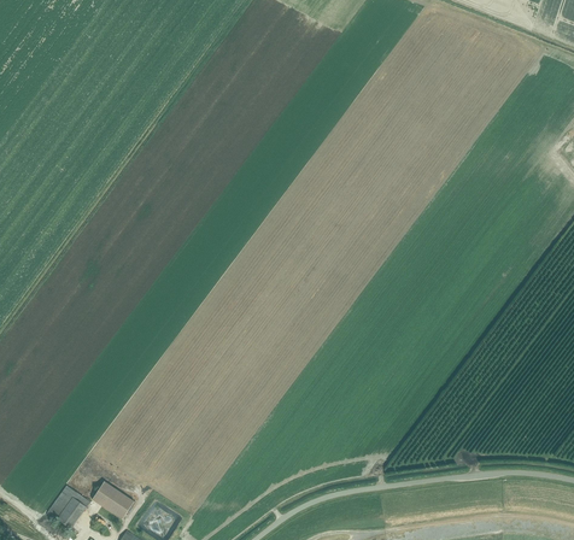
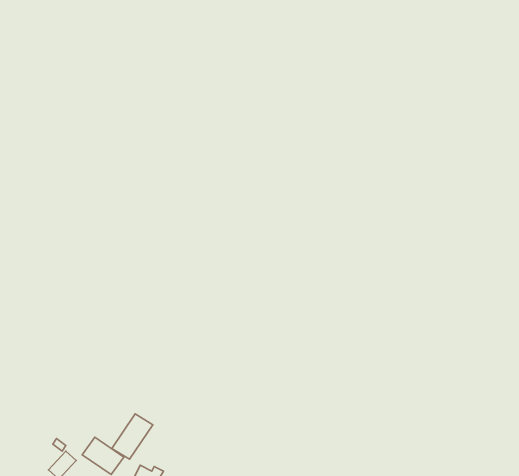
building: none -> [112,414,153,459]

